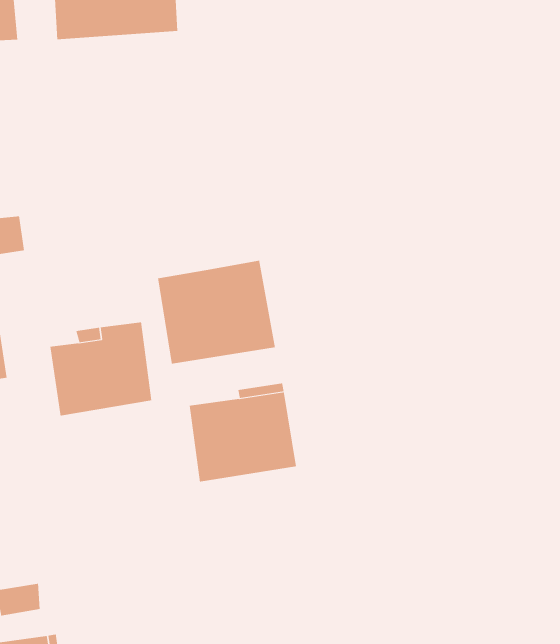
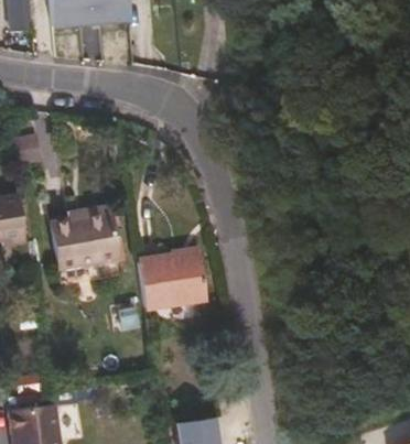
building: [158,260,275,364] -> none

